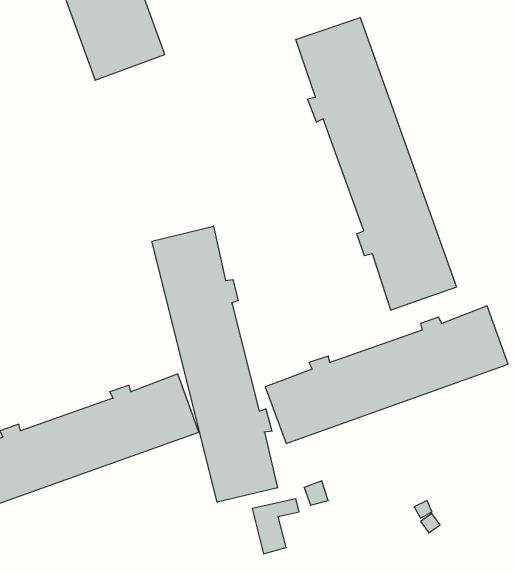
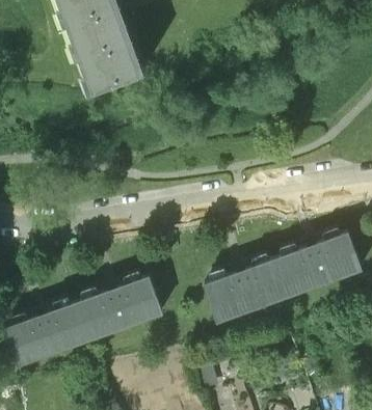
building: [296,17,456,310] -> none
building: [152,226,277,502] -> none

